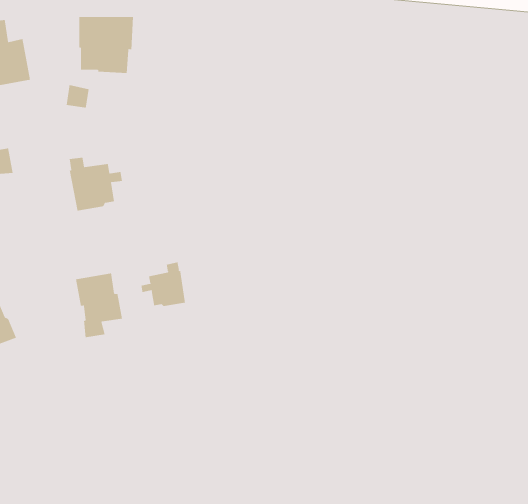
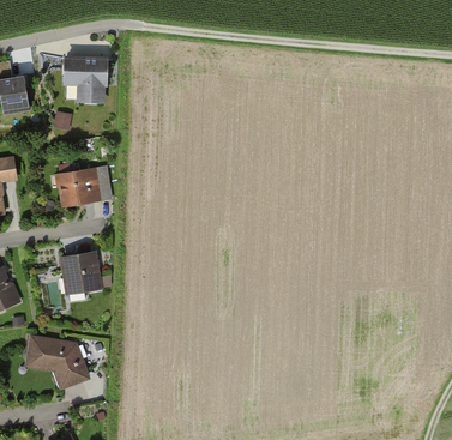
building: [141,262,185,307] -> none
building: none -> [28,337,86,384]

